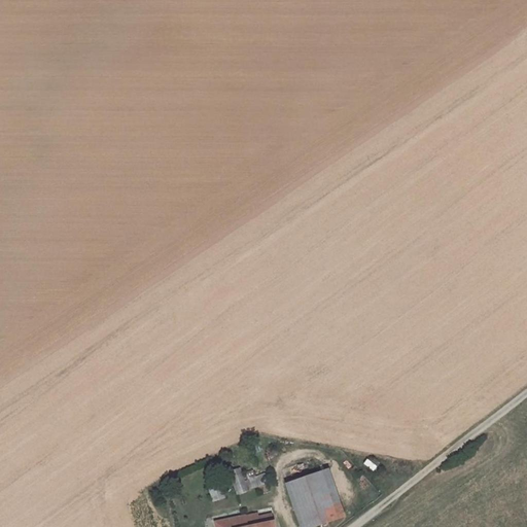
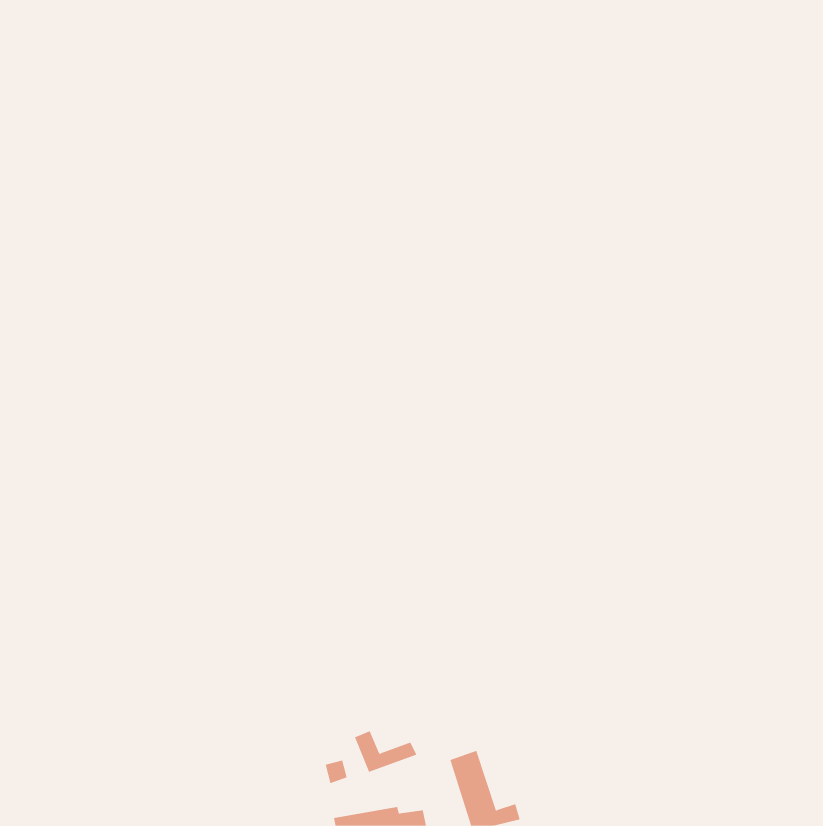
building: [304,470,344,522] -> none

